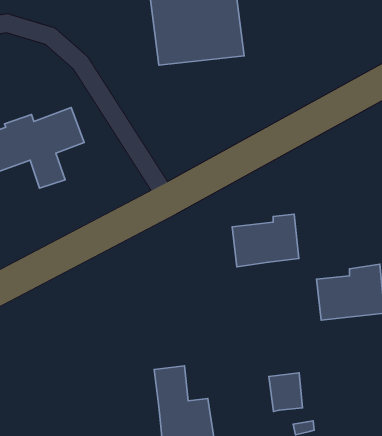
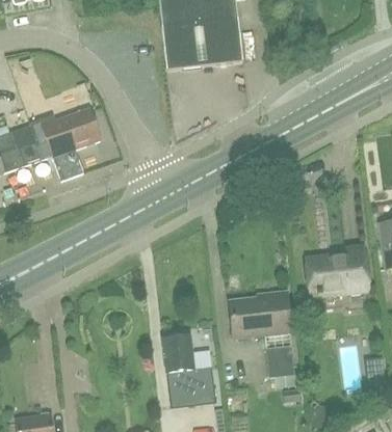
building: [232,214,299,267] -> [230,290,289,336]

